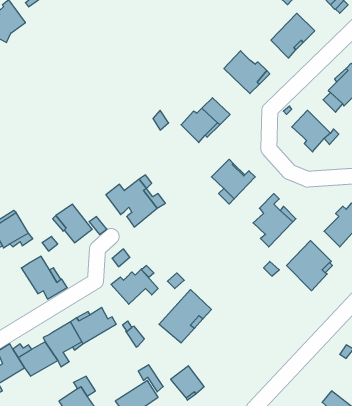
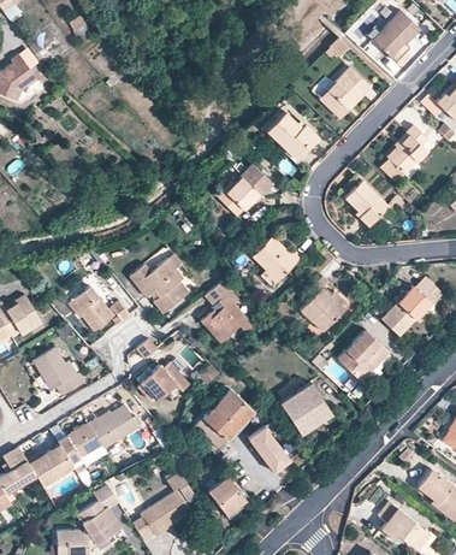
building: none -> [200,282,255,343]
building: none -> [278,379,330,431]
building: none -> [245,425,288,471]

